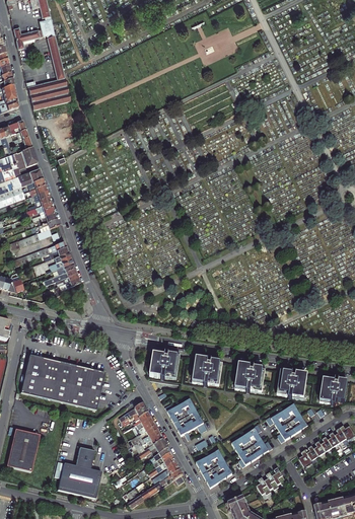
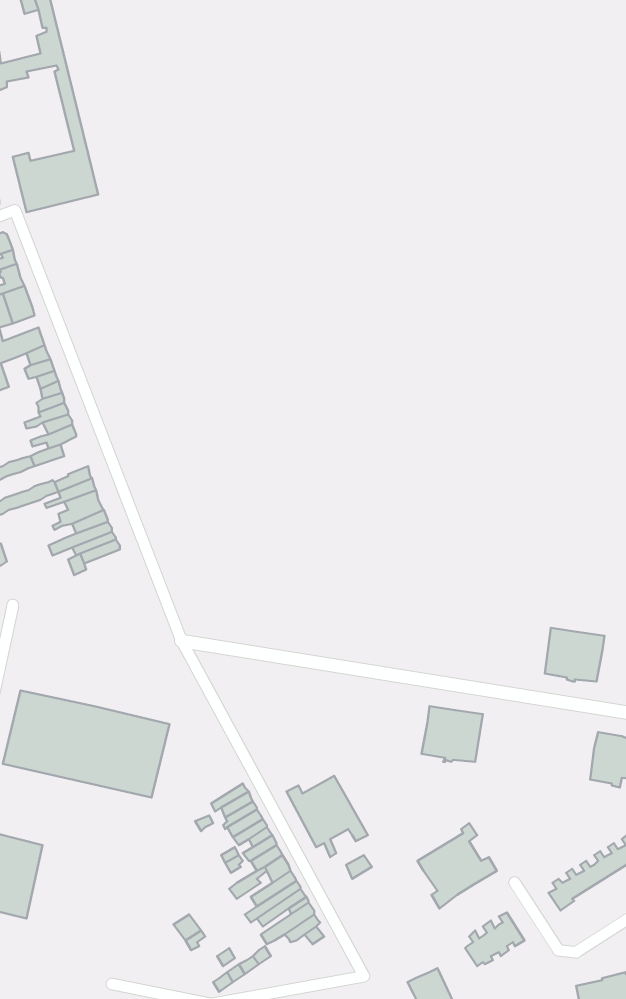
building: [149,351,180,379] -> none
building: [192,357,223,385] -> none
building: [278,370,308,397] -> [545,628,604,682]
building: [267,402,308,441] -> none
building: [196,447,233,488] -> none
building: [58,448,101,499] -> none

